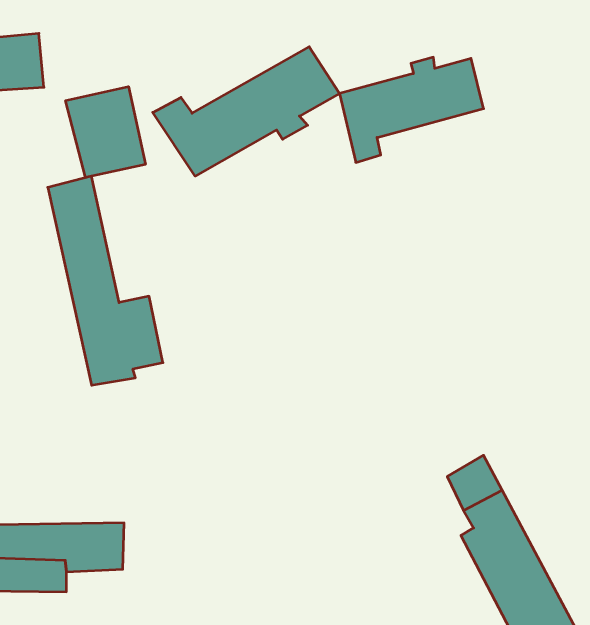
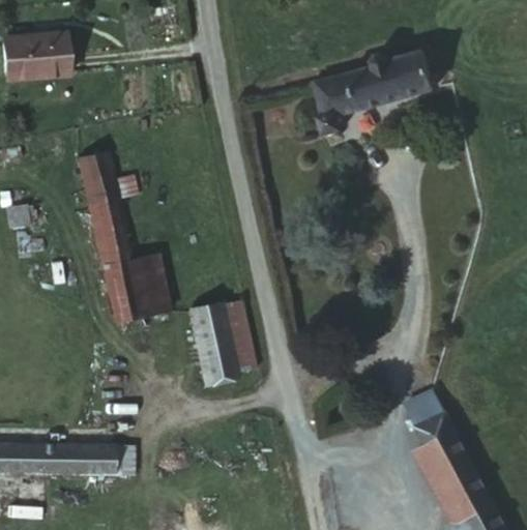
building: [153,47,339,176] -> none
building: [66,87,145,177] -> none
building: none -> [187,298,257,385]

